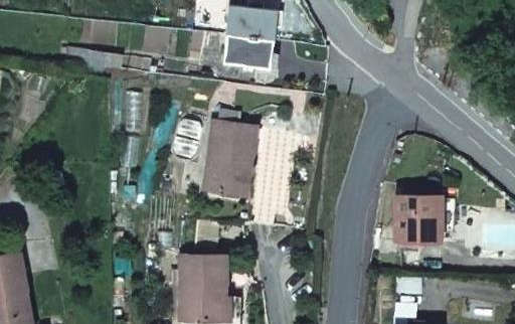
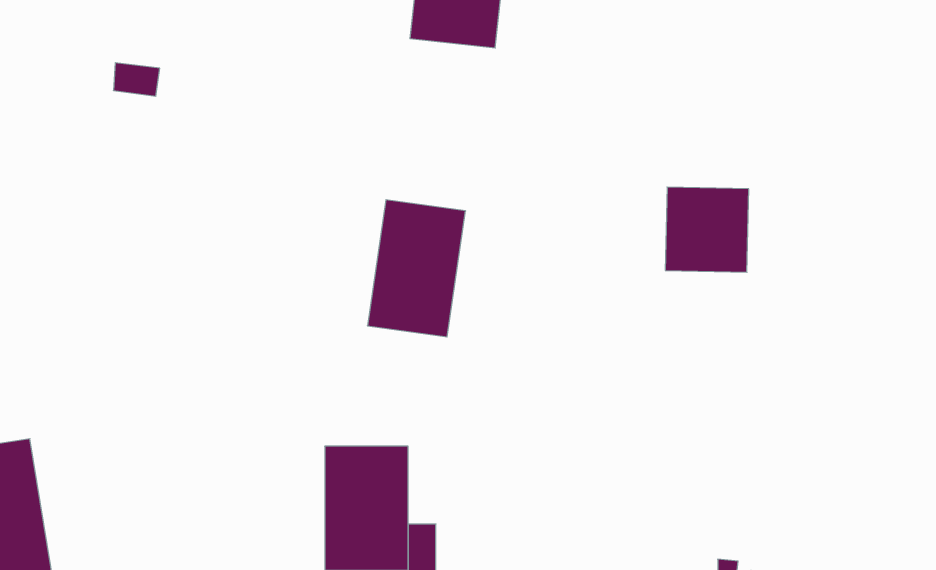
building: [223,34,273,67] -> none
building: [395,196,441,242] -> [665,187,749,272]

